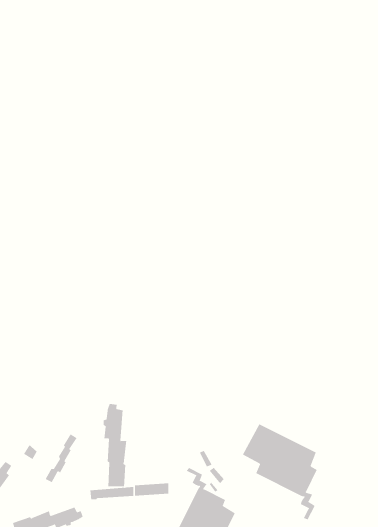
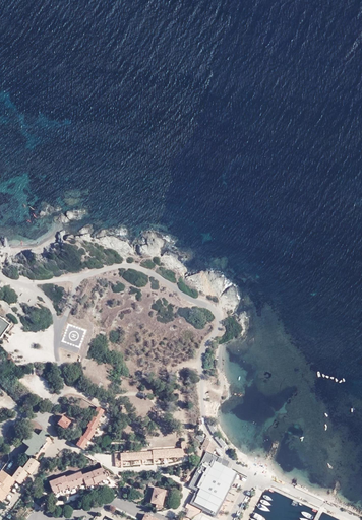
building: [103,403,127,487] -> none
building: [242,424,318,520] -> none

